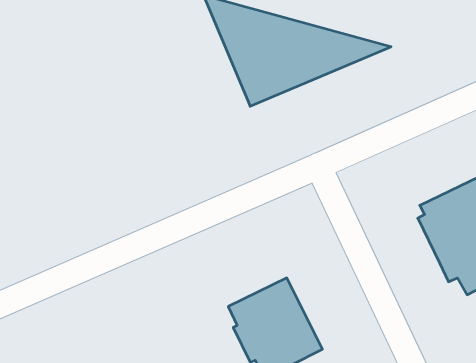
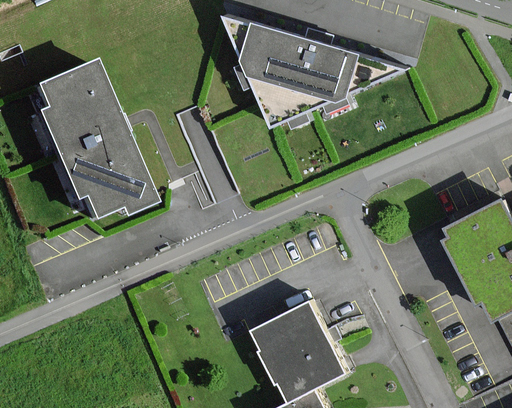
building: none -> [31,66,147,222]

